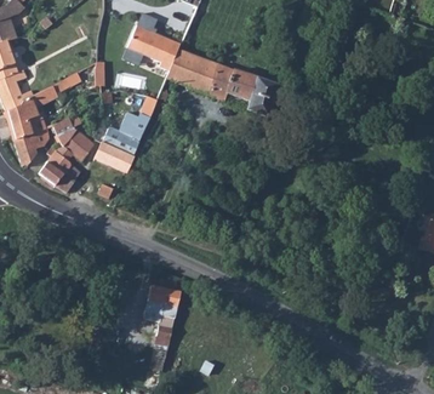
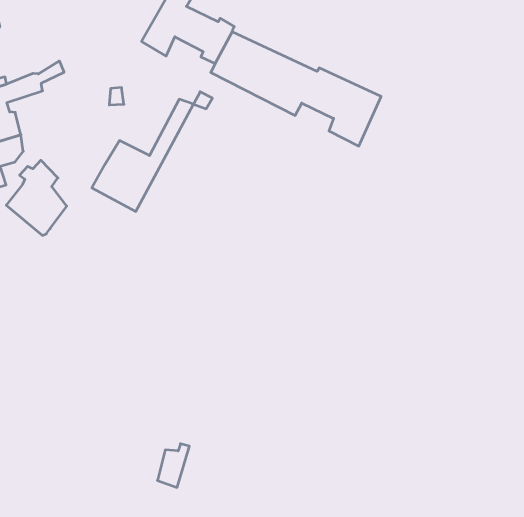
building: [48,115,92,160] -> none
building: [143,285,179,322] -> none

